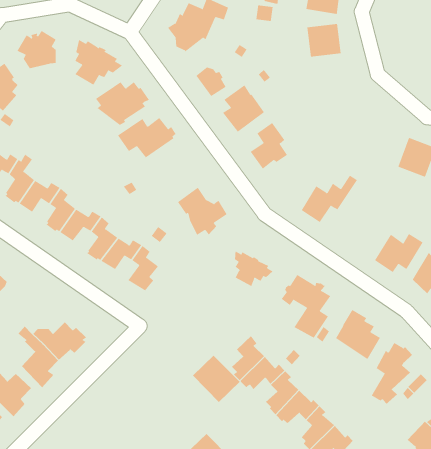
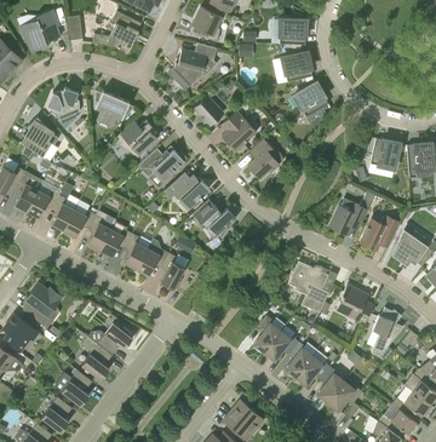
building: none -> [293,81,328,116]
building: none -> [165,172,208,211]
building: [301,175,358,223] -> [329,193,373,235]
building: [235,250,274,287] -> none
building: [192,355,240,403] -> none

